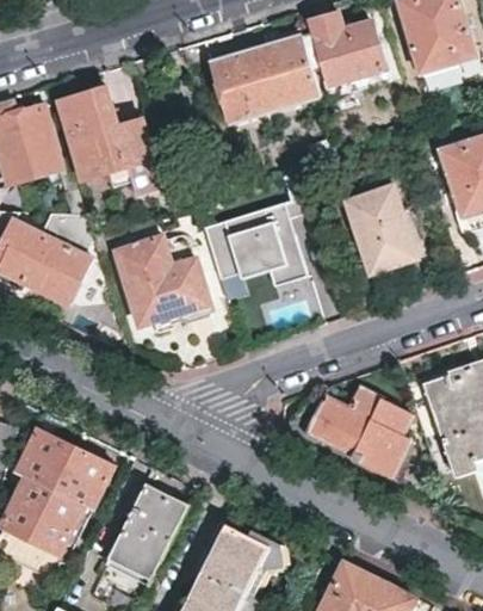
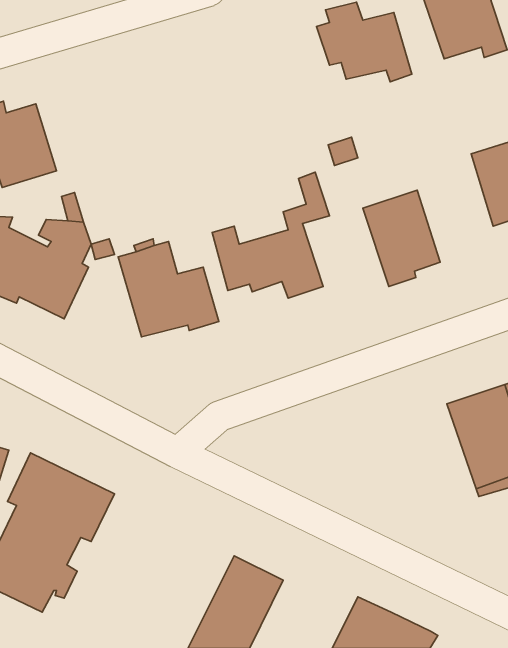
building: [210,26,320,119] -> none
building: [58,87,160,192] -> none
building: [301,387,411,475] -> none
building: [107,486,186,582] -> none

